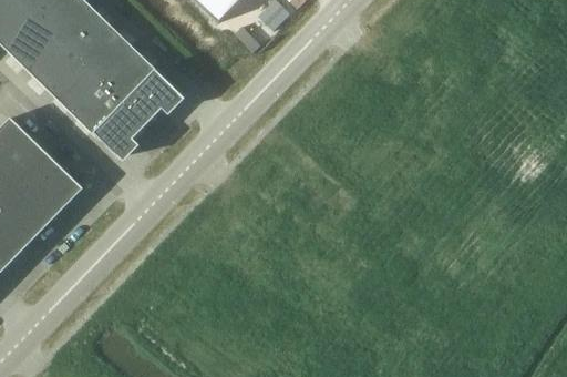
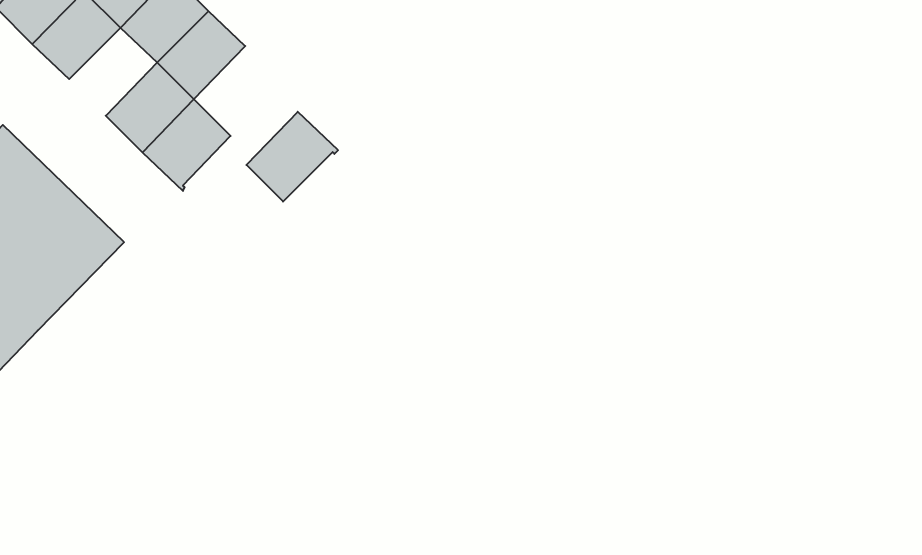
building: [47,55,100,109] -> none
building: [122,67,177,121] -> [246,112,338,202]

